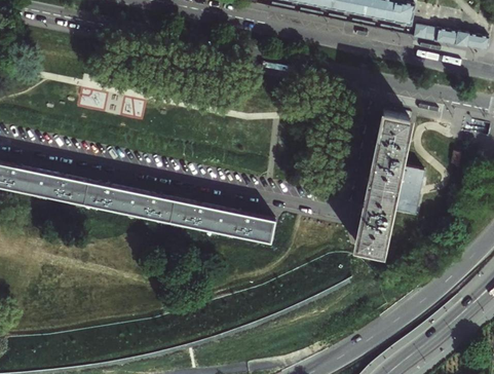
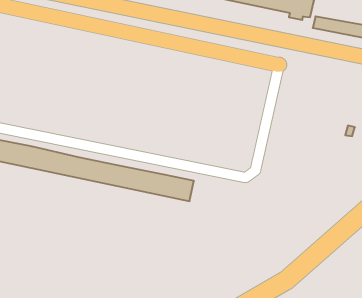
building: [356,114,425,252] -> none

